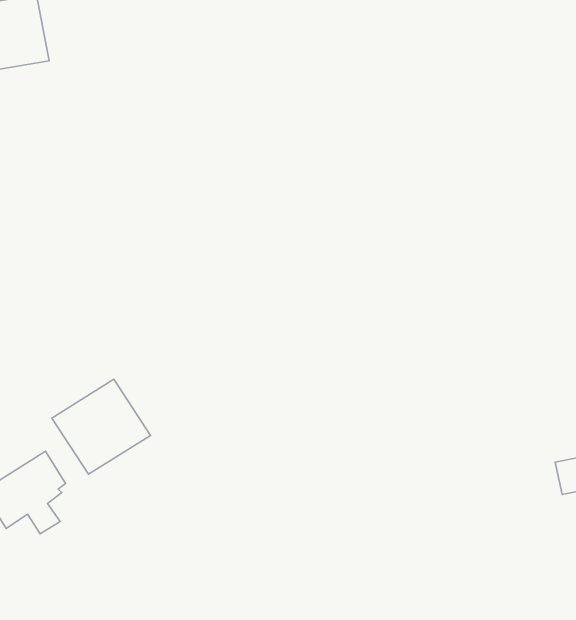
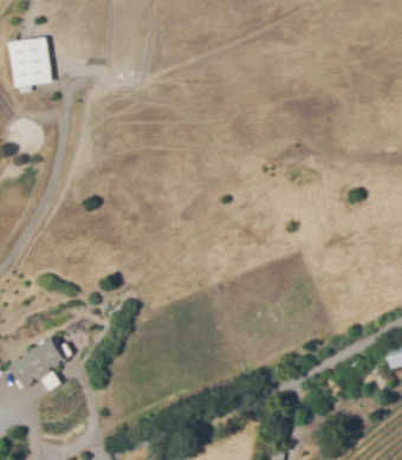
building: [52,379,150,474] -> none

